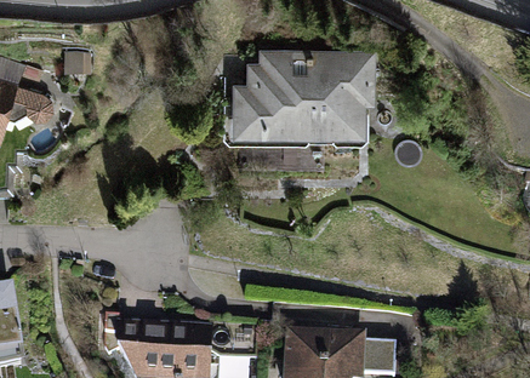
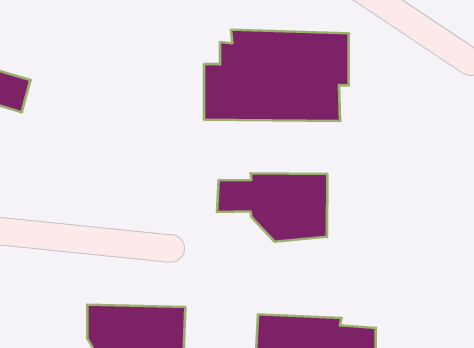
building: none -> [217,173,327,242]

